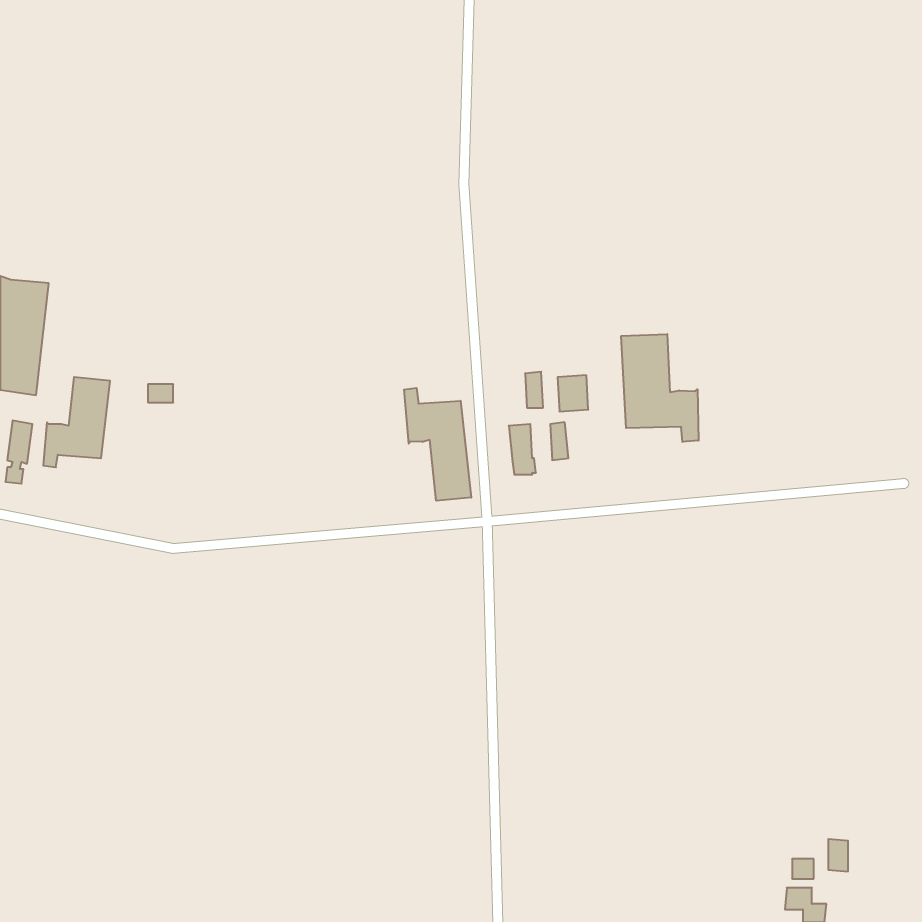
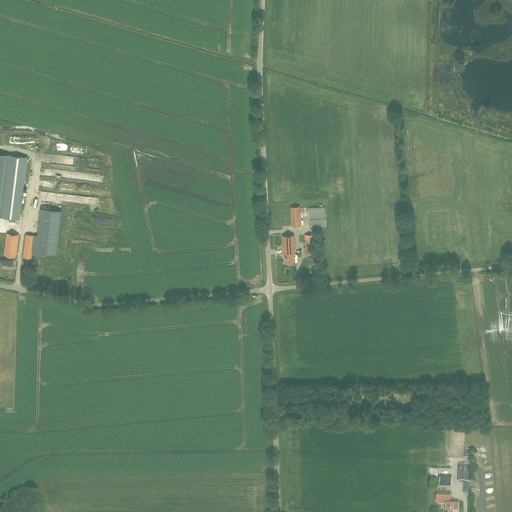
building: [621,334,699,442] -> none
building: [404,388,471,501] -> none

